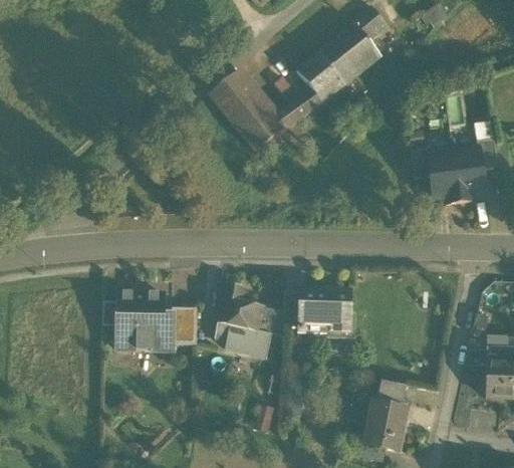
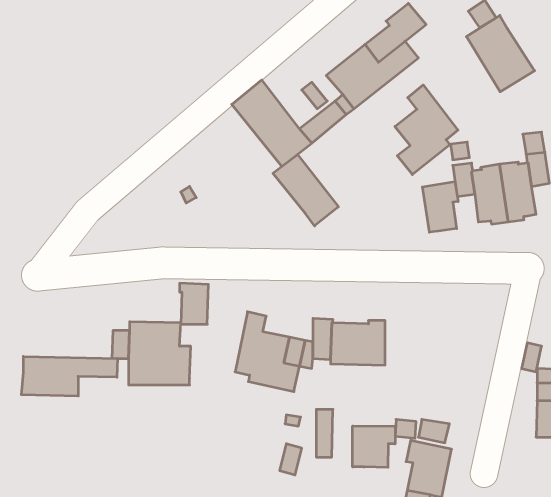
building: none -> [466,15,535,92]
building: none -> [395,85,458,175]
building: none -> [273,154,338,226]
building: none -> [422,182,458,232]
building: [172,307,198,344] -> [180,283,208,324]
building: none -> [21,356,117,396]
building: none -> [353,426,395,467]

